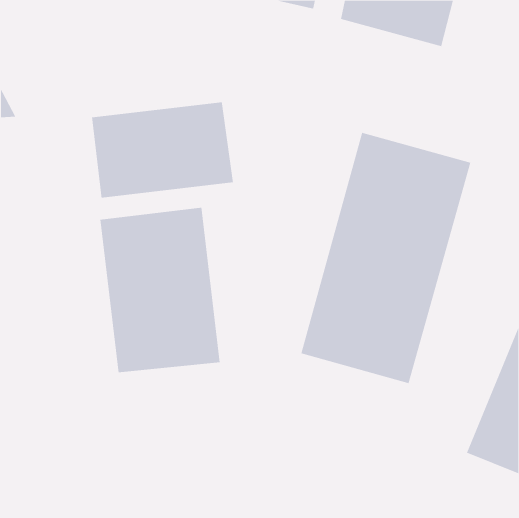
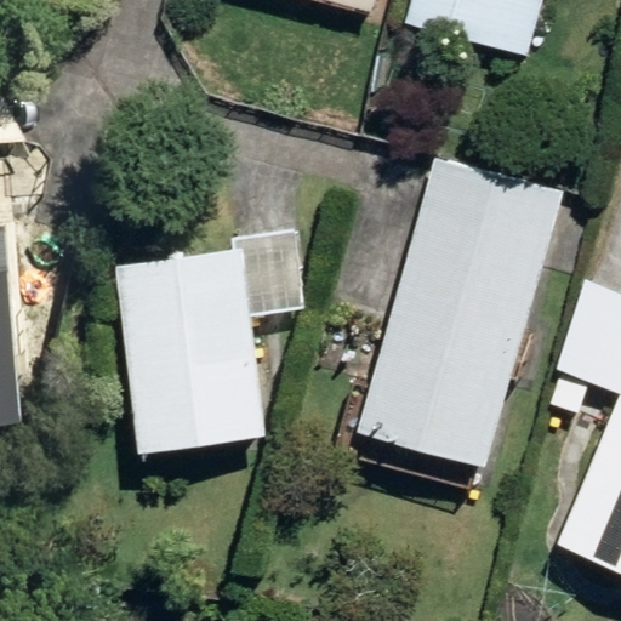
building: [91,101,233,199] -> none

